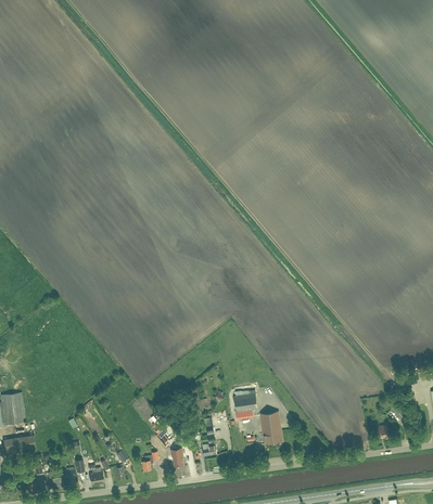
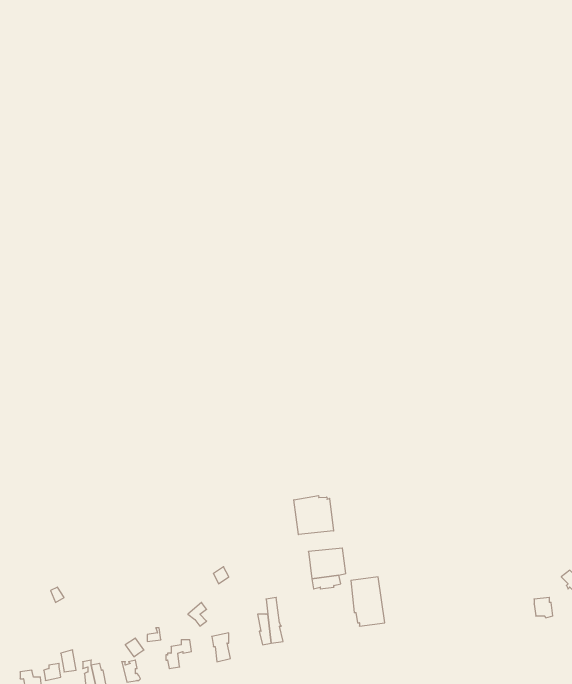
building: none -> [294,496,334,535]

